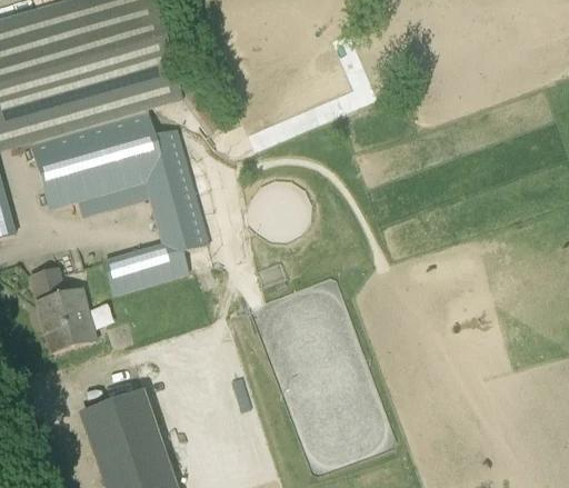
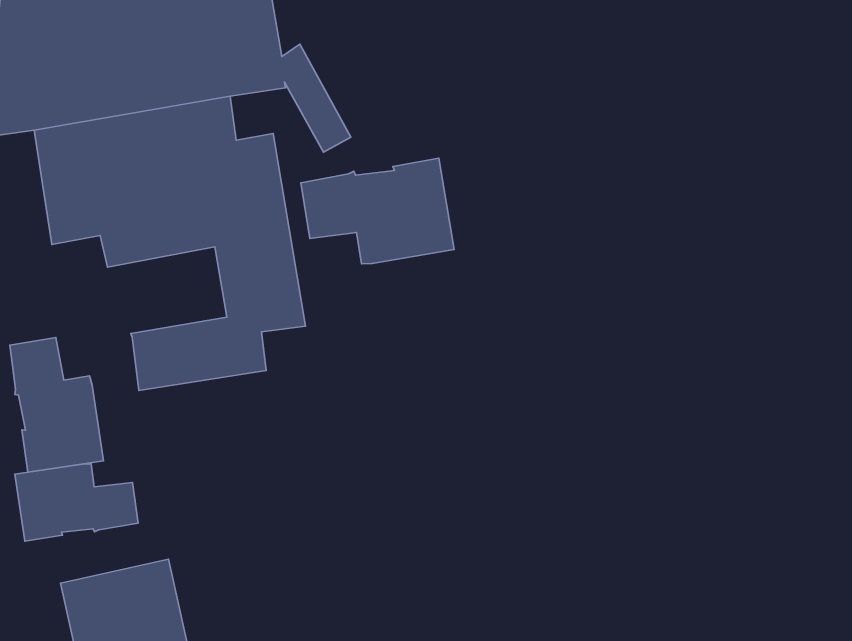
building: none -> [301,158,454,264]
building: none -> [15,464,138,541]

